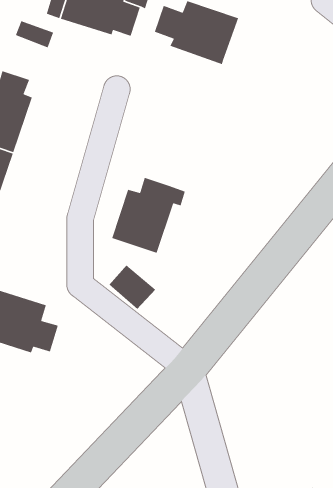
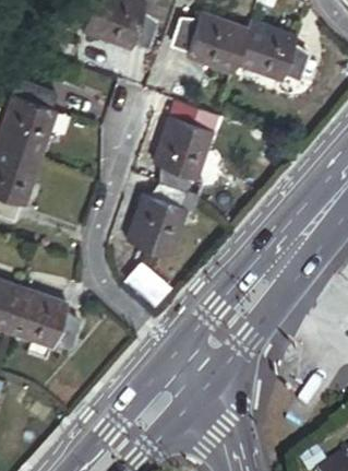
building: none -> [233,20,309,83]
building: none -> [156,109,212,181]

